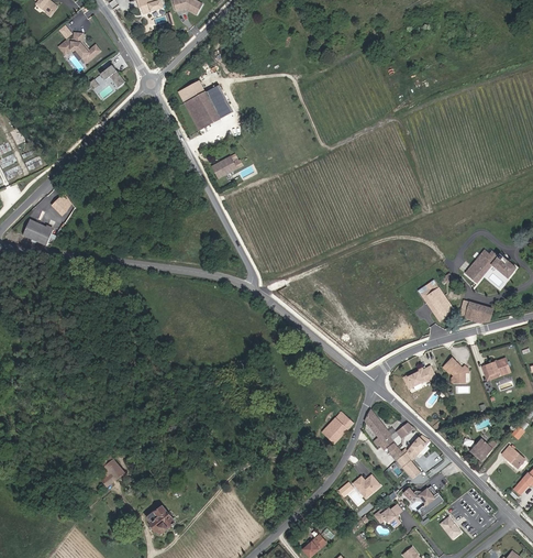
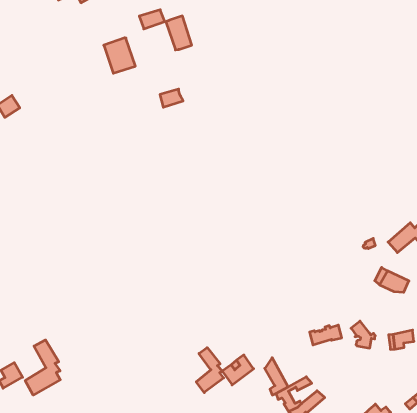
building: [185,92,220,130] -> [104,38,135,73]
building: [420,284,454,321] -> none
building: none -> [196,348,224,393]
building: none -> [25,340,60,395]

